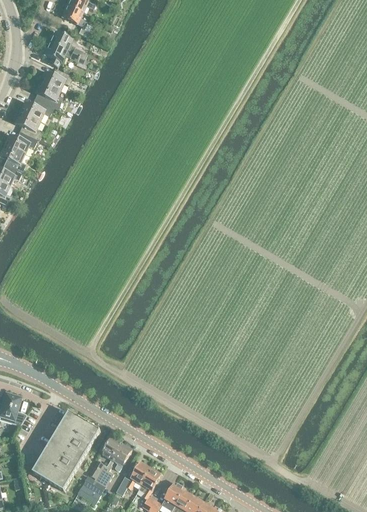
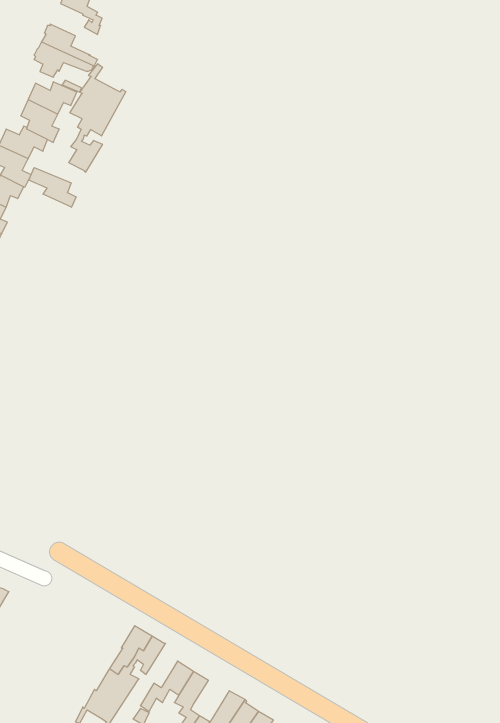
building: none -> [69,64,126,172]
building: none -> [29,168,76,207]
building: [33,411,101,490] -> none

